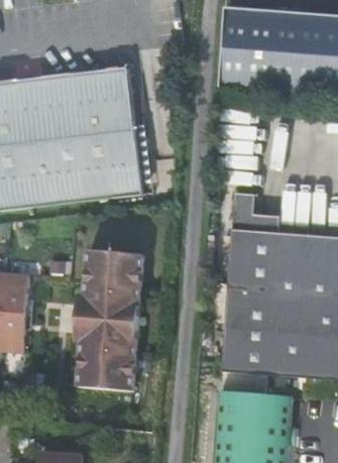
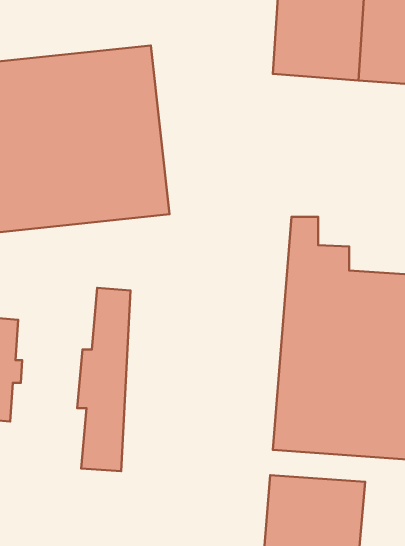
building: [106,249,142,388] -> none

